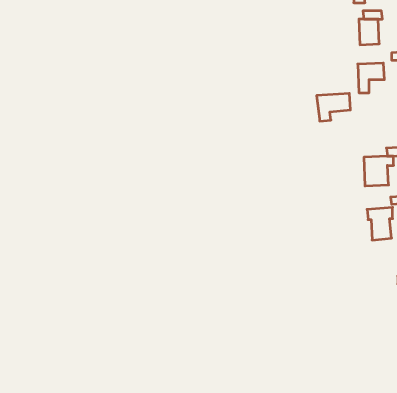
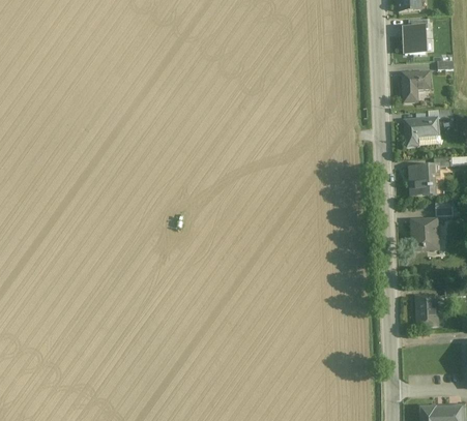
building: [317,93,350,121] -> [404,118,438,146]
building: none -> [416,295,438,325]

